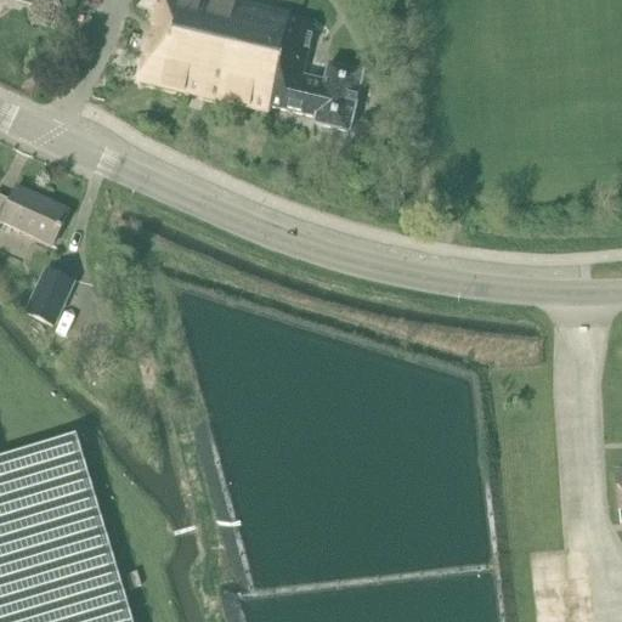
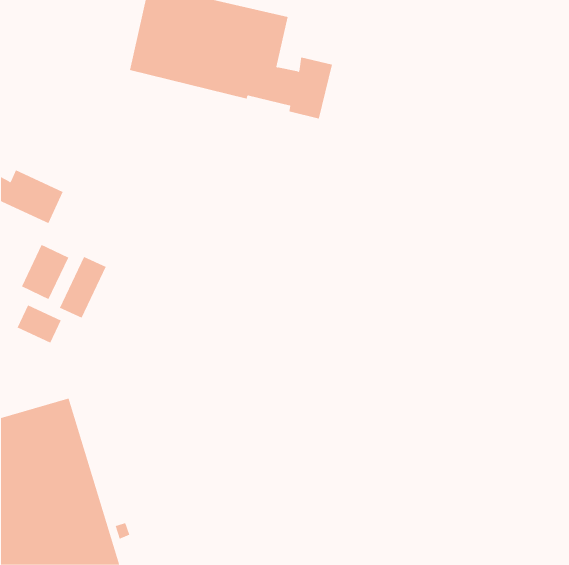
building: none -> [59,256,106,318]
building: none -> [17,304,61,344]

